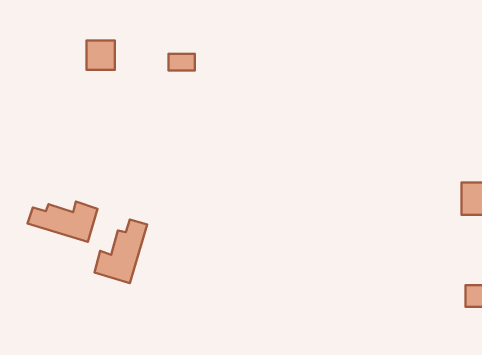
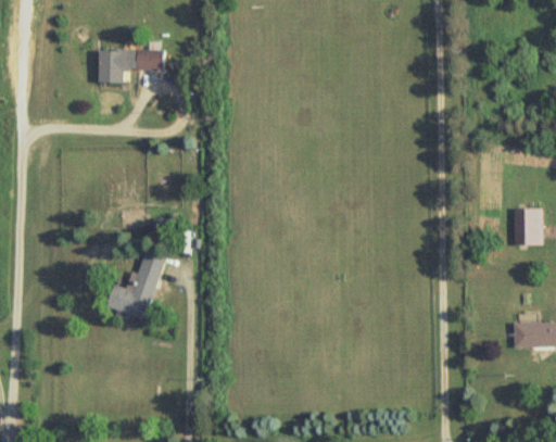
building: [168,54,195,70] -> [138,51,167,70]
building: [27,202,97,242] -> none

